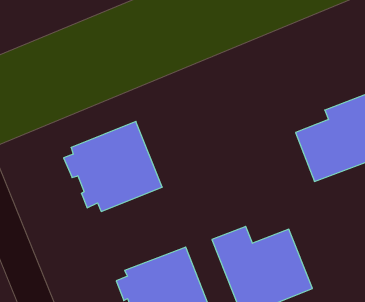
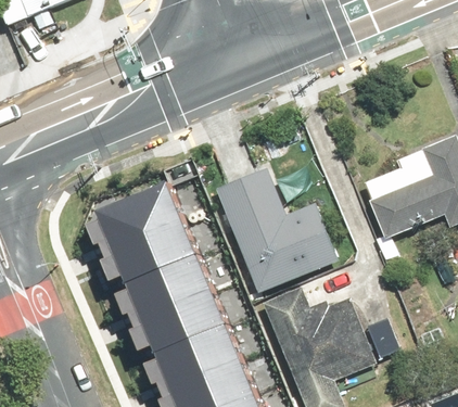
building: none -> [209,170,335,302]
building: none -> [122,250,231,346]

